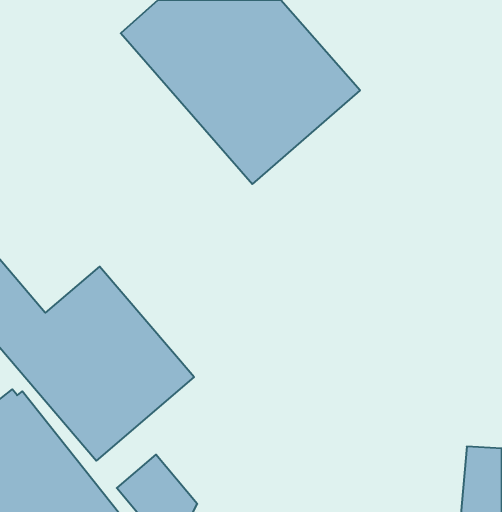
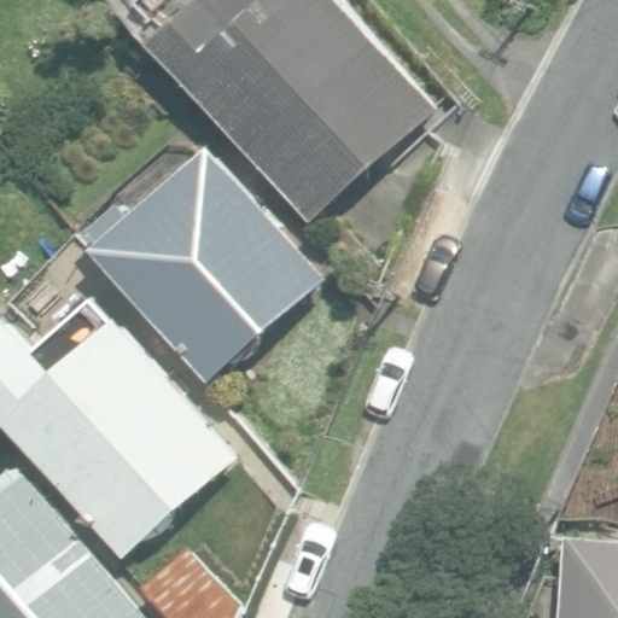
building: none -> [84,146,321,381]

